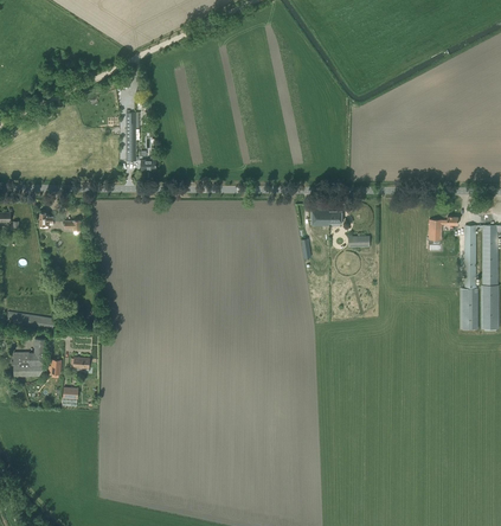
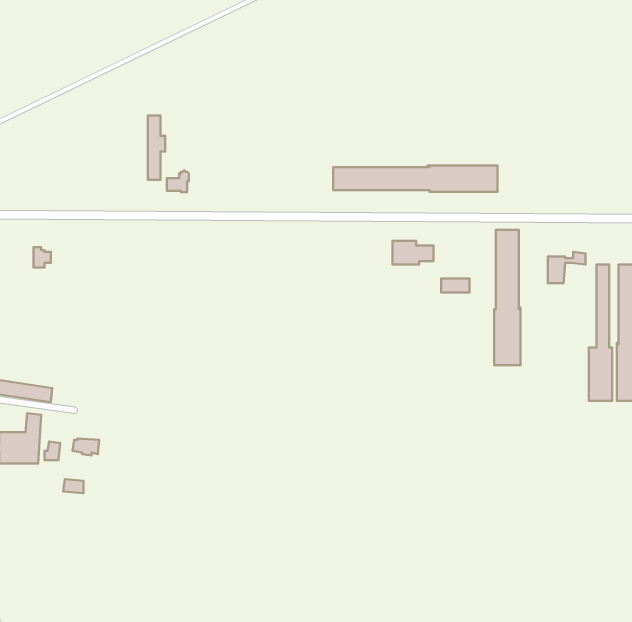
building: none -> [333,165,497,192]
building: none -> [494,230,520,365]

